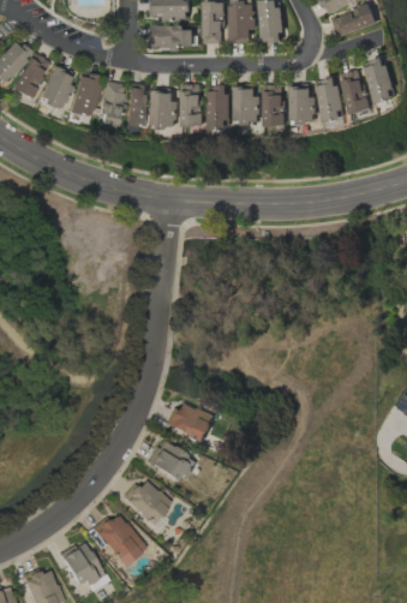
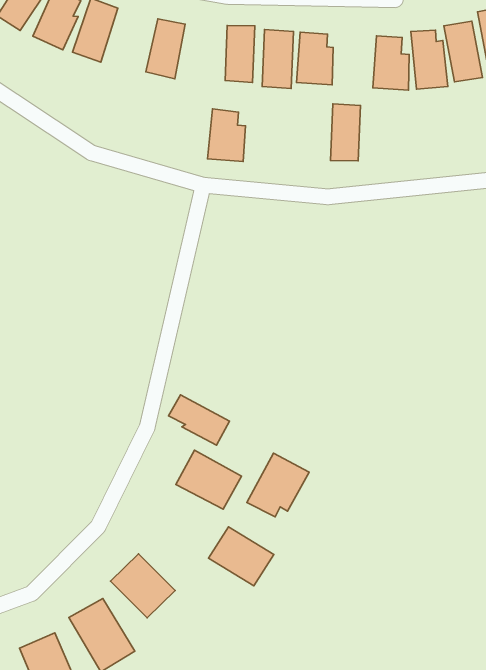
building: [96,80,125,127] -> none
building: [264,84,286,126] -> [331,104,361,161]
building: [152,89,179,126] -> [207,109,246,161]
building: none -> [169,395,230,445]
building: none -> [247,453,309,517]
building: [146,441,194,483] -> [208,527,274,586]

